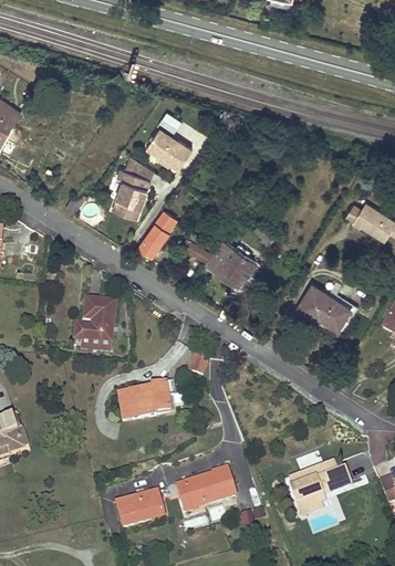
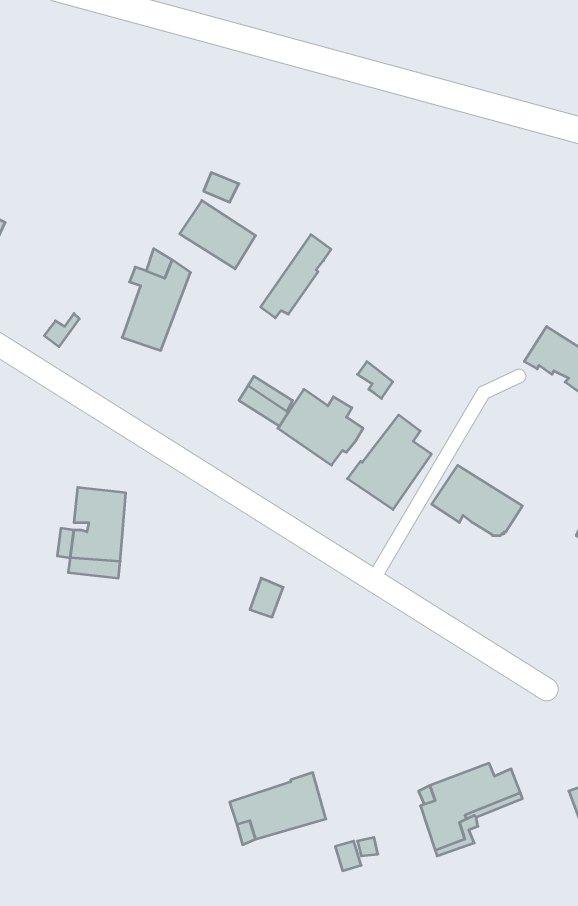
building: [134,208,176,258] -> [261,235,331,318]
building: none -> [347,415,431,510]
building: [117,380,173,419] -> none
building: [116,490,164,527] -> none

